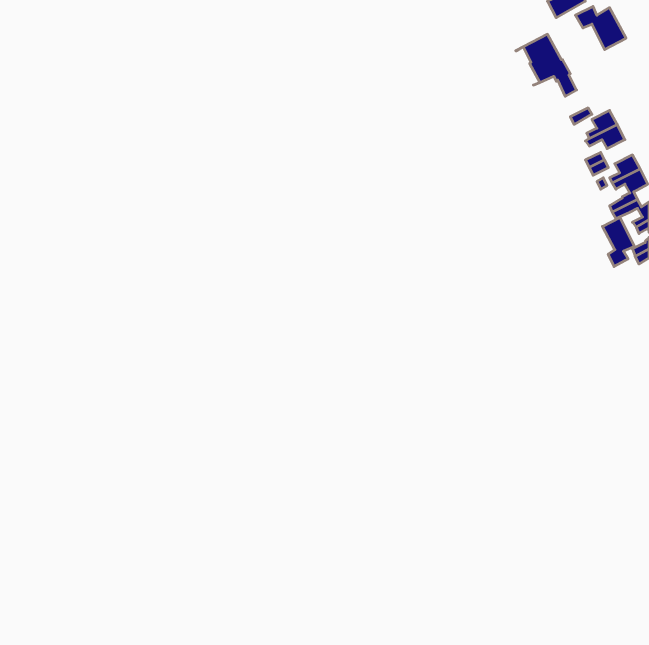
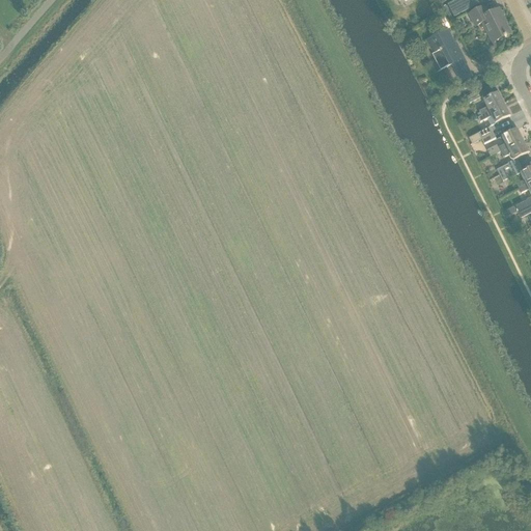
building: [602,217,634,267] -> none

